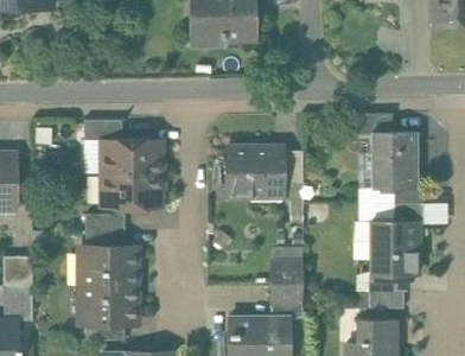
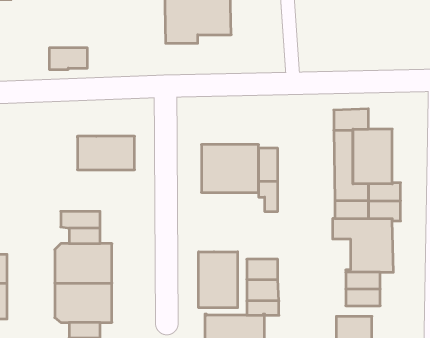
building: [84,120,122,141] -> [49,48,87,69]
building: [103,173,160,206] -> none
building: none -> [199,252,238,308]

